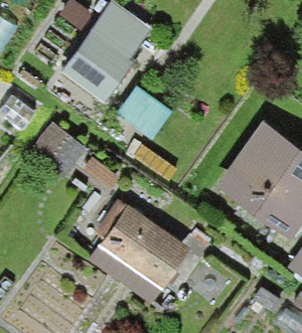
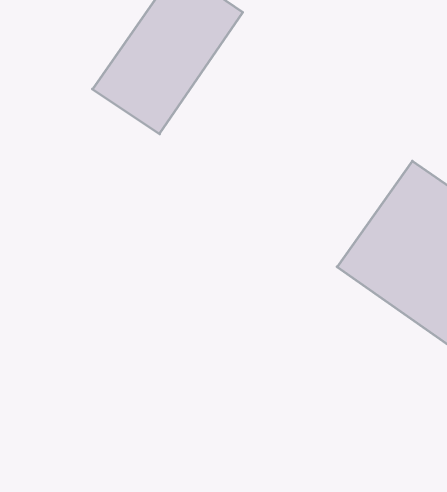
building: [89,198,191,301] -> none

